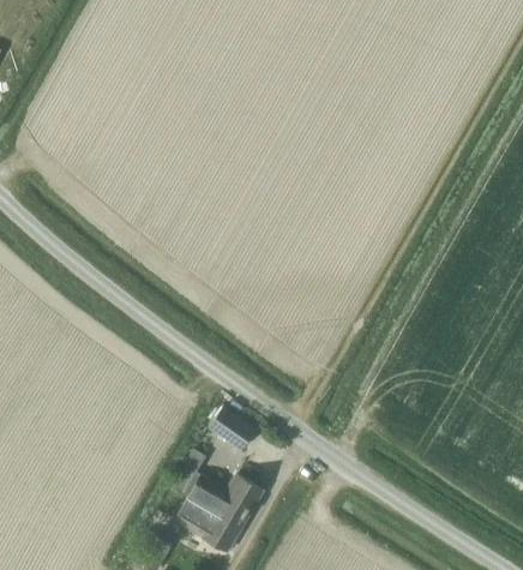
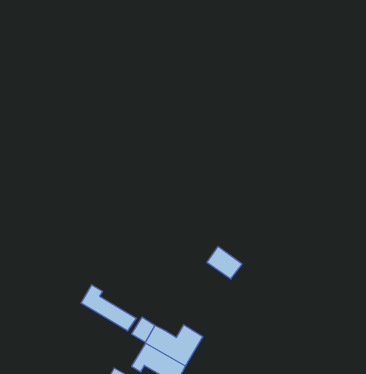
building: [210,407,256,449] -> [207,247,242,279]
building: none -> [81,285,136,331]

